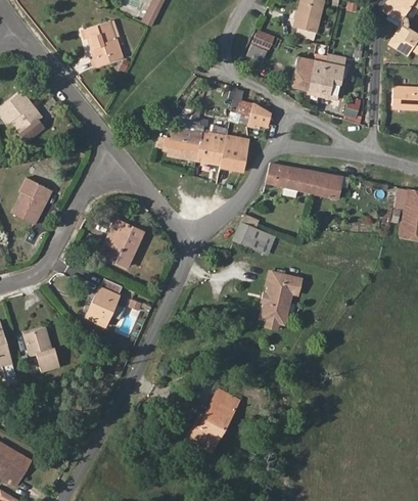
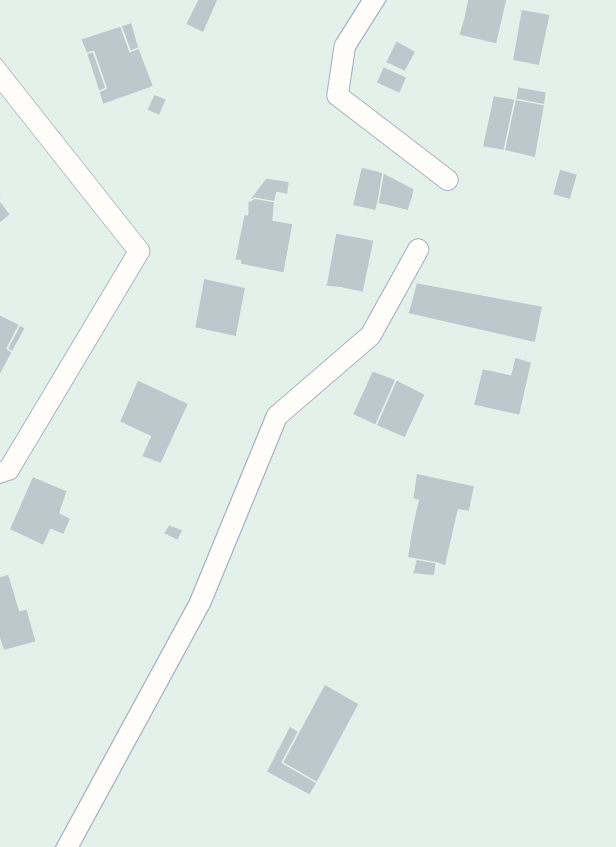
building: [291,57,313,89] -> [512,9,551,66]
building: [196,132,225,165] -> [194,278,246,337]
building: none -> [473,357,532,415]
building: [85,286,120,325] -> [9,476,71,546]

